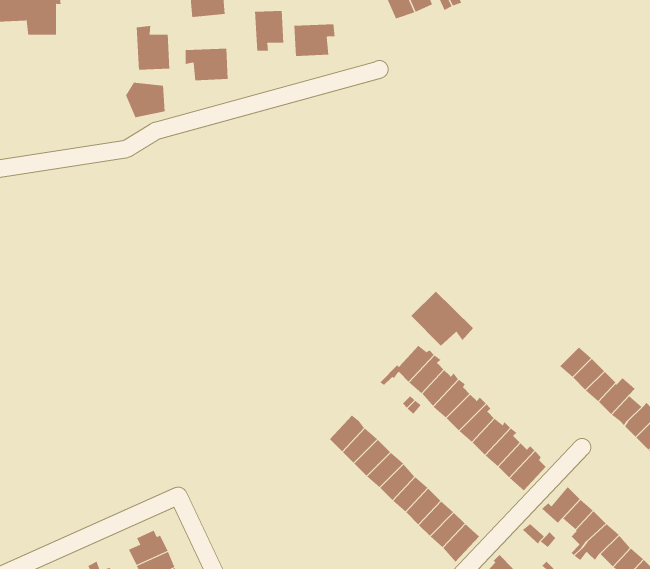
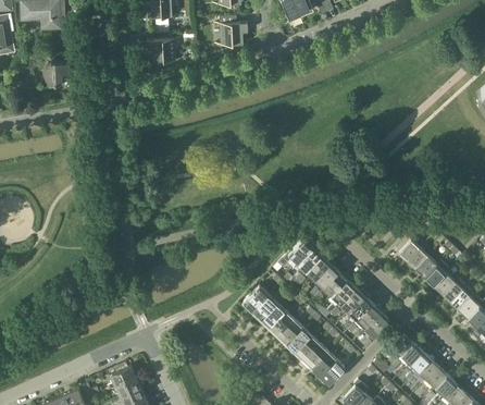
building: [255,10,284,51] -> none
building: [136,25,170,71] -> none
building: [125,82,166,118] -> [41,62,69,86]
building: [410,291,474,346] -> none

